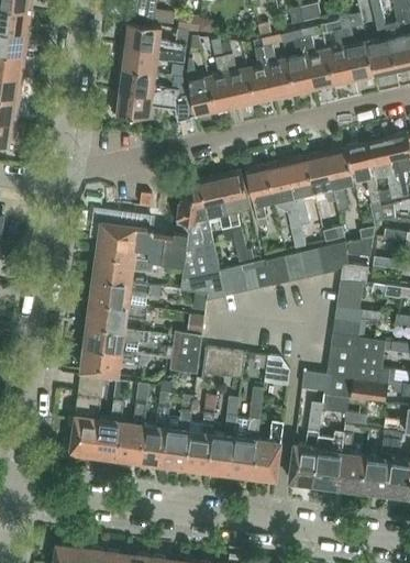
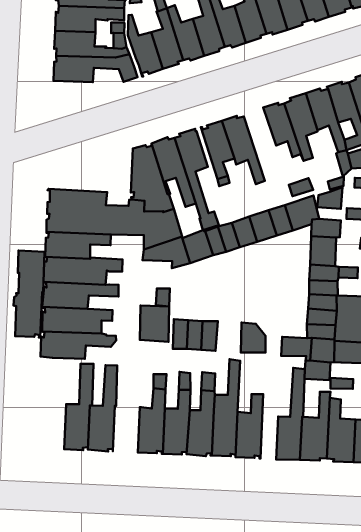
building: [287,157,314,225] -> none
building: [70,376,104,459] -> [14,250,45,337]
building: [138,393,171,467] -> none

